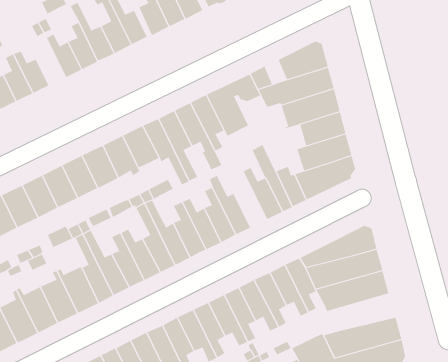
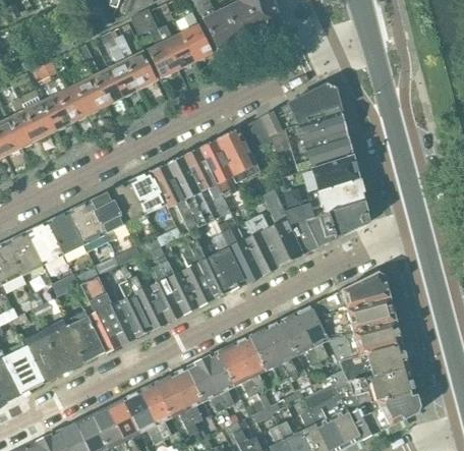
building: none -> [41,80,71,129]
building: none -> [243,217,277,275]
building: none -> [329,342,409,385]

